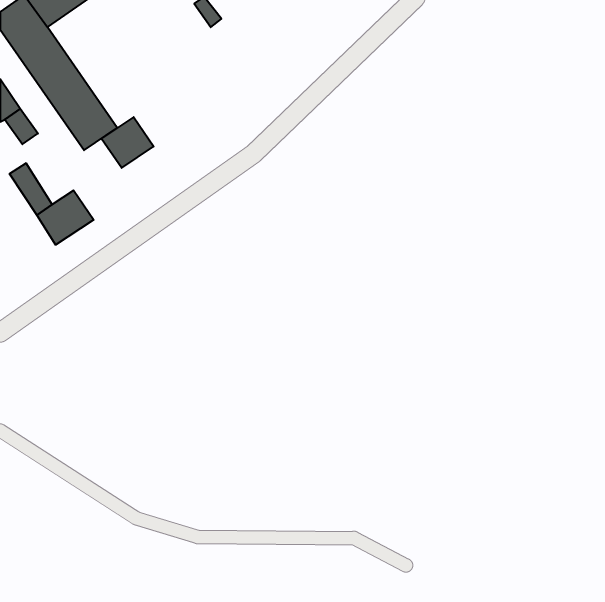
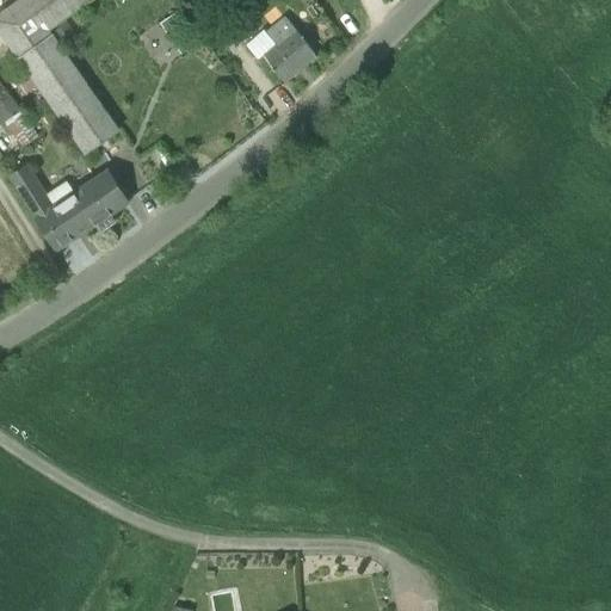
building: none -> [264,16,316,81]
building: [102,117,154,168] -> [74,171,126,222]

